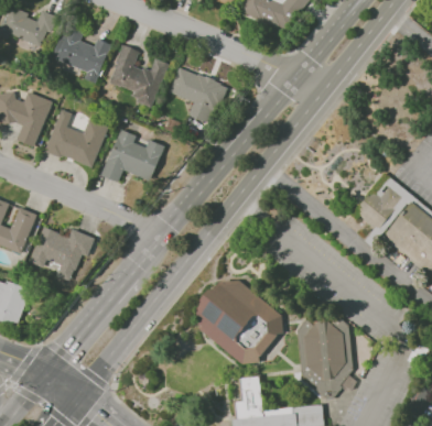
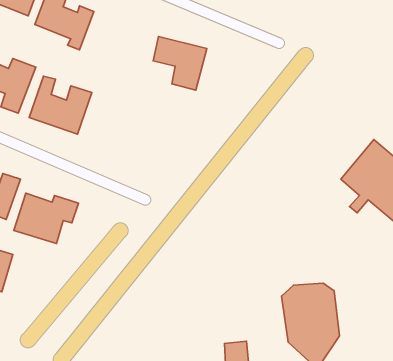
building: [107,44,166,107] -> none
building: [100,129,163,182] -> none
building: [199,283,287,365] -> none

